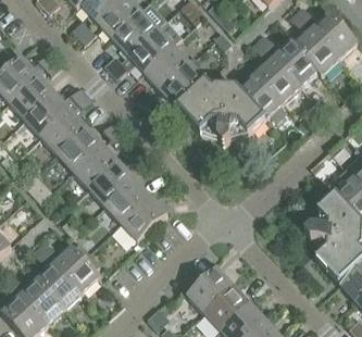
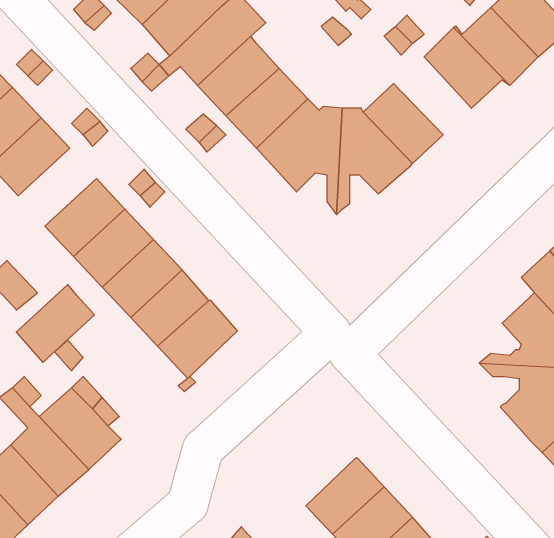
building: [255,57,300,101] -> none
building: [41,109,86,153] -> [16,284,94,362]
building: [188,267,234,313] -> none

